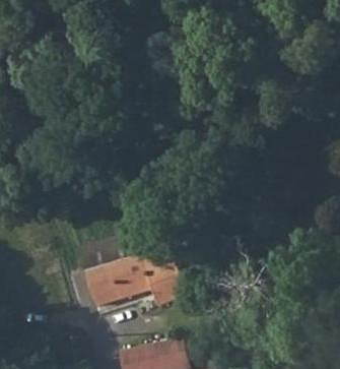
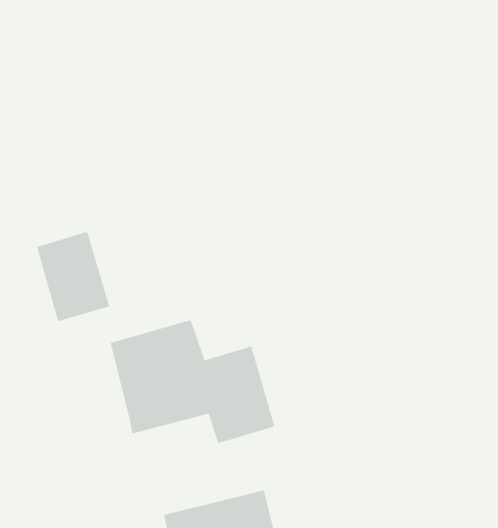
building: none -> [36,231,110,322]

